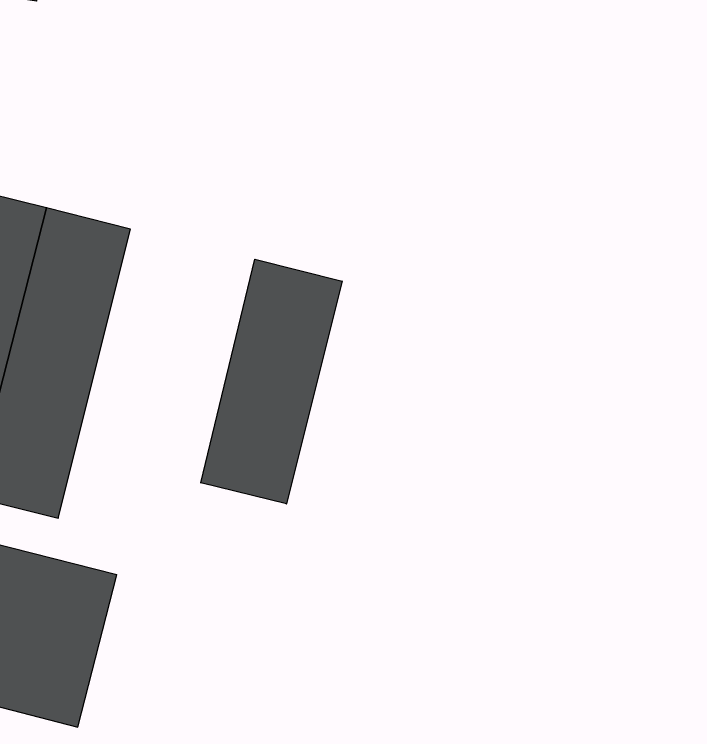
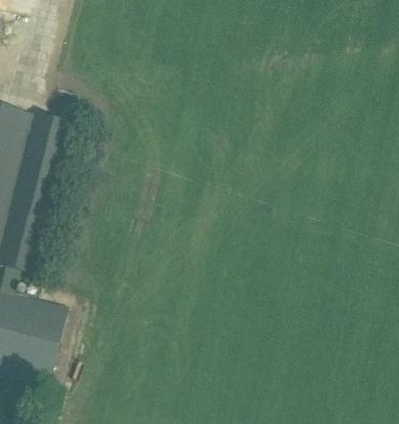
building: [201,259,342,504] -> none

